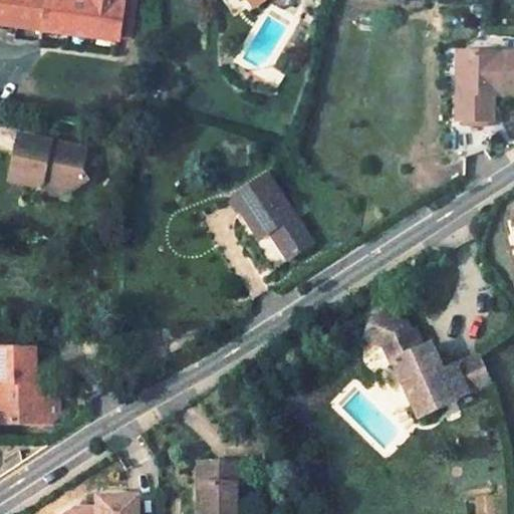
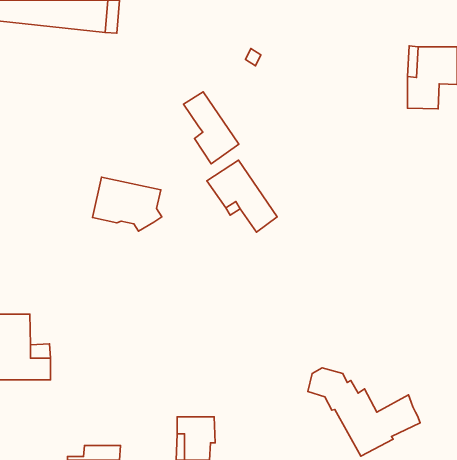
building: none -> [184,92,239,164]
building: [7,133,84,193] -> [93,177,162,231]
building: [366,324,492,423] -> [308,368,420,456]

